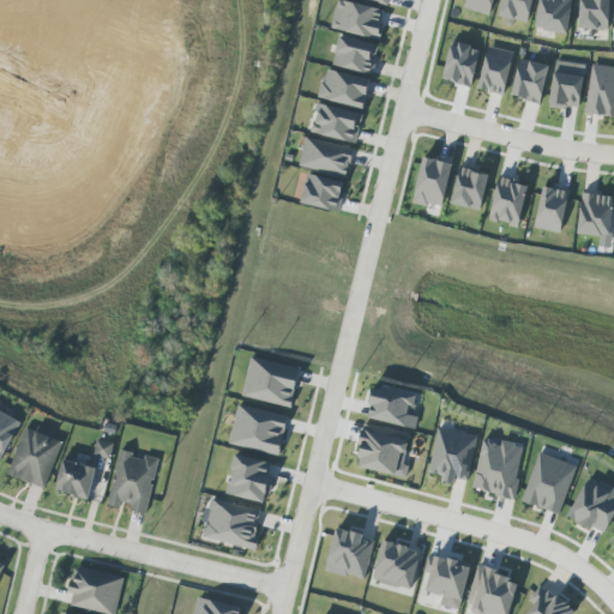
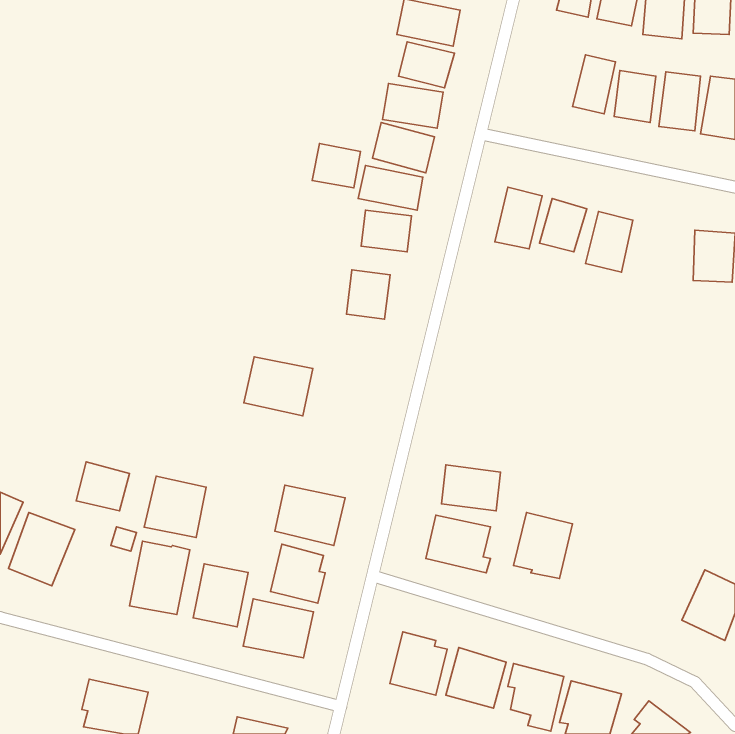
building: [441,41,481,86] -> none
building: none -> [312,144,361,188]
building: [536,187,567,231] -> none
building: none -> [346,270,390,319]
building: [241,357,299,407] -> [244,357,313,416]
building: none -> [144,476,206,538]
building: [471,437,524,498] -> none
building: [522,452,576,513] -> none
building: [54,458,98,499] -> [76,462,129,511]
building: none -> [193,564,248,627]

